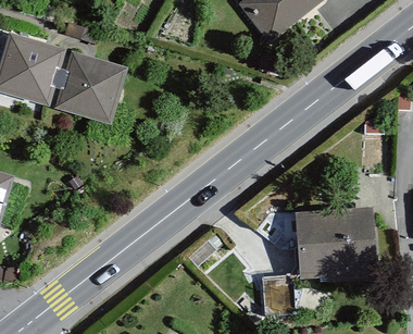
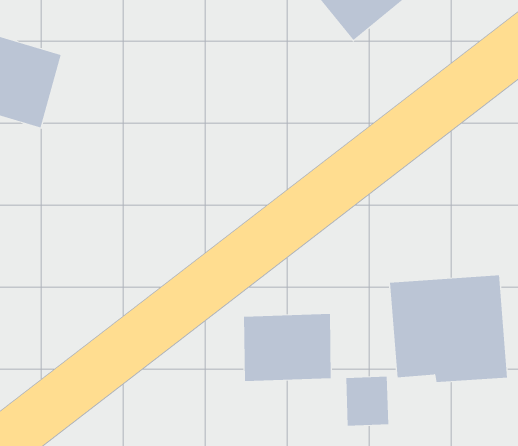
building: [52,53,126,121] -> none
building: none -> [244,313,331,382]

